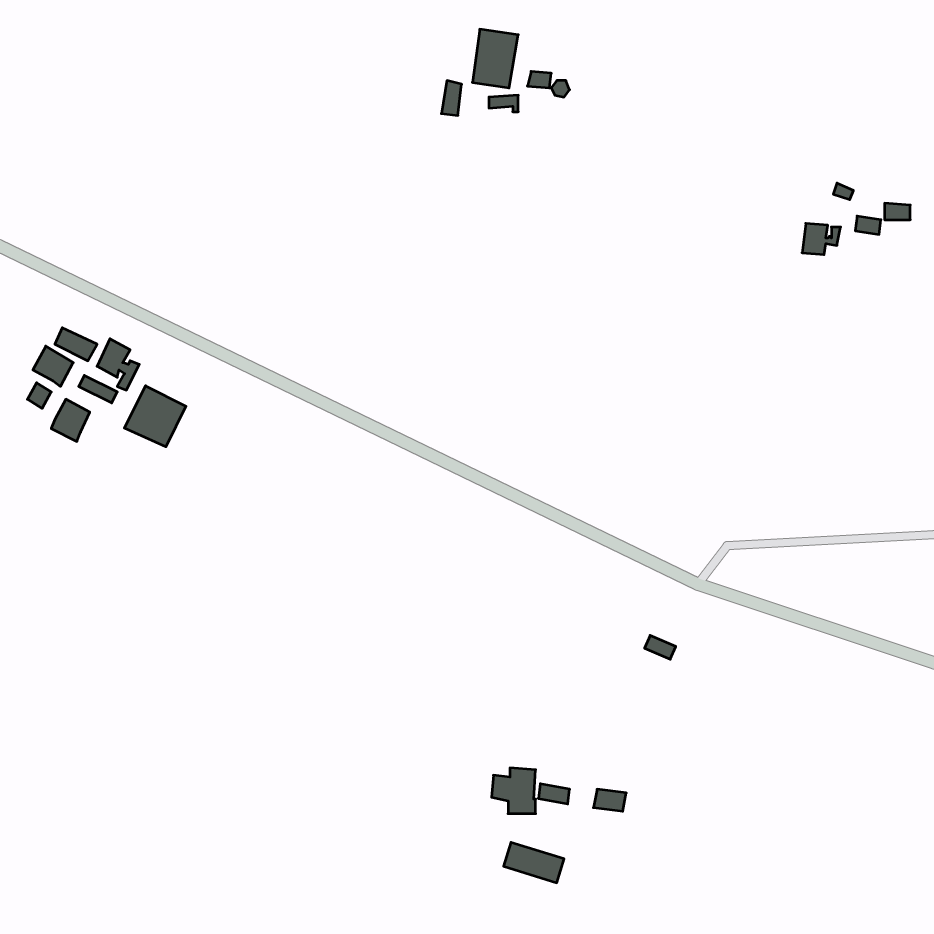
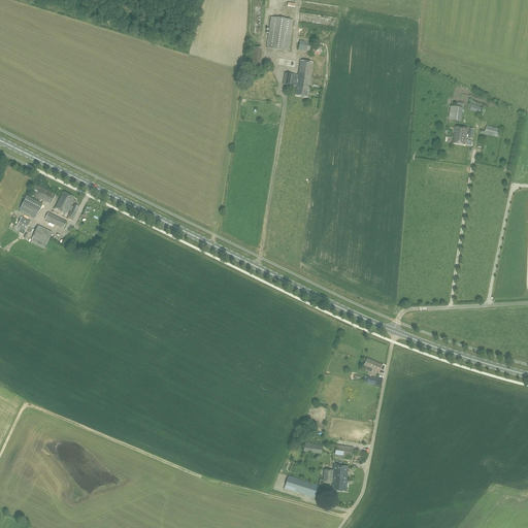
building: none -> [283,60,312,96]
building: [124,386,186,447] -> none
building: [492,768,536,814] -> [322,464,346,490]

